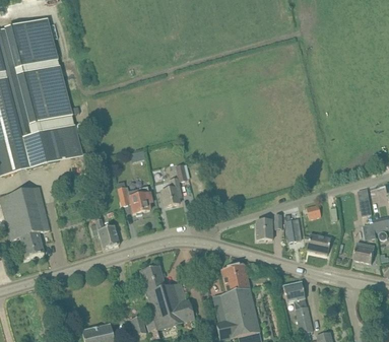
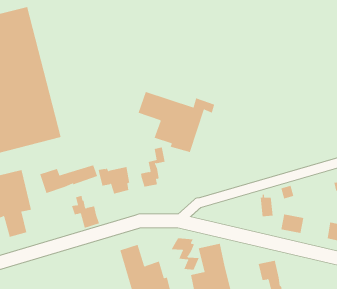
building: none -> [138,91,215,153]
building: none -> [39,165,98,194]
building: [255,215,281,240] -> none
building: none -> [171,238,199,270]

